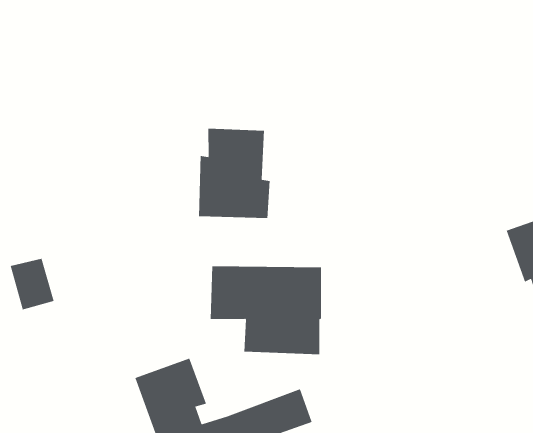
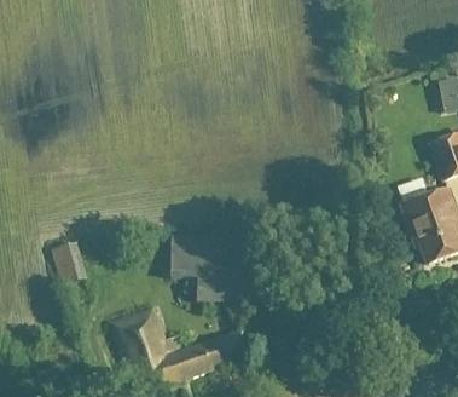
building: [199,128,270,219] -> none
building: [10,258,54,310] -> [52,241,87,282]

